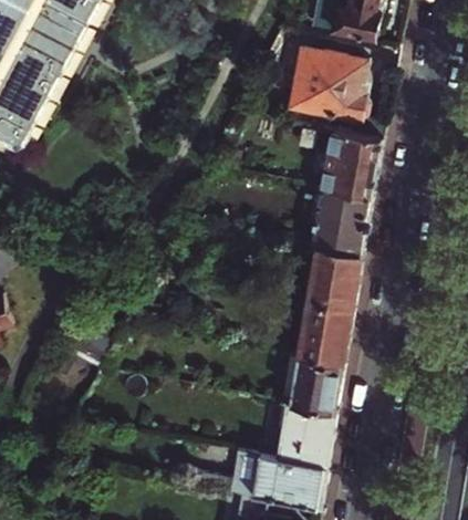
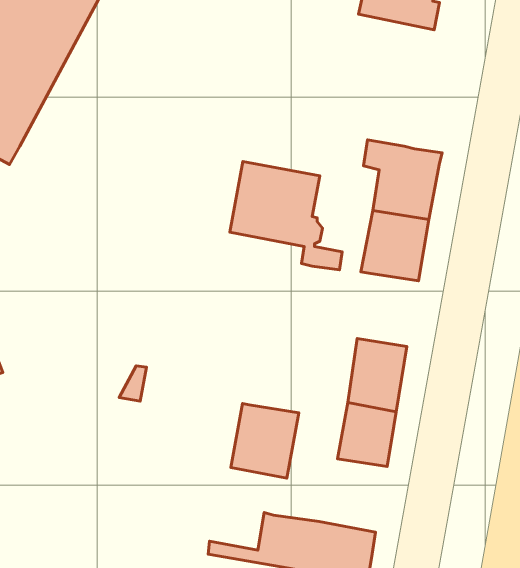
building: [290,49,385,141] -> [230,161,342,270]
building: [311,242,363,304] -> none
building: [279,398,336,461] -> [231,404,299,478]

